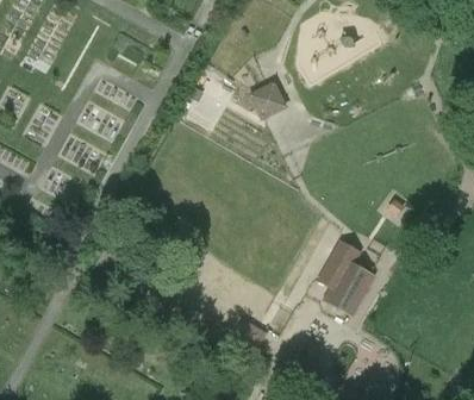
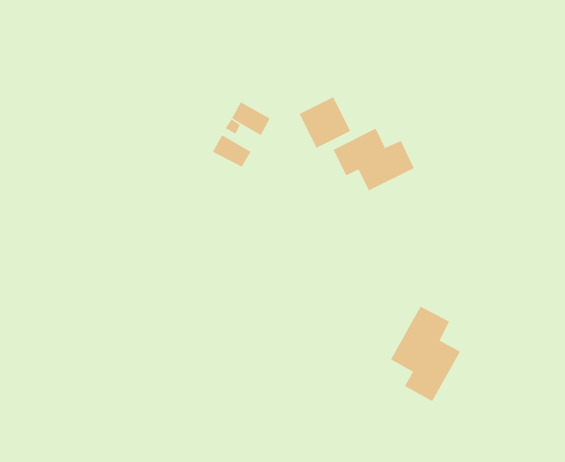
building: none -> [333,128,414,191]

